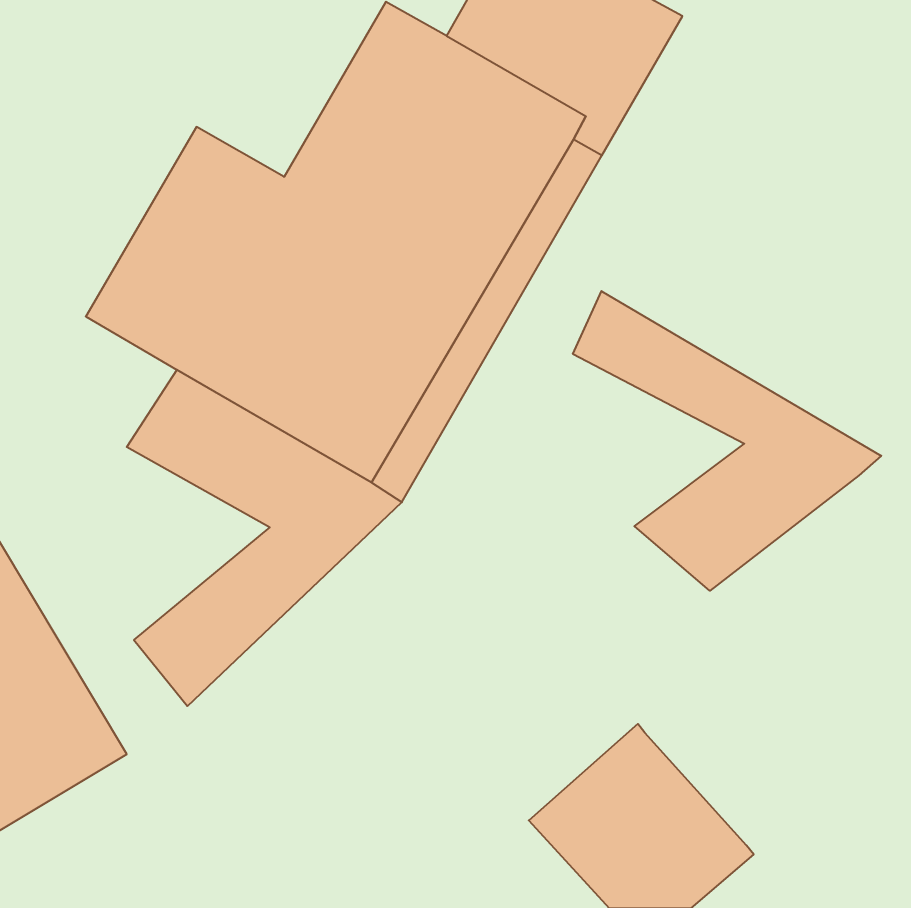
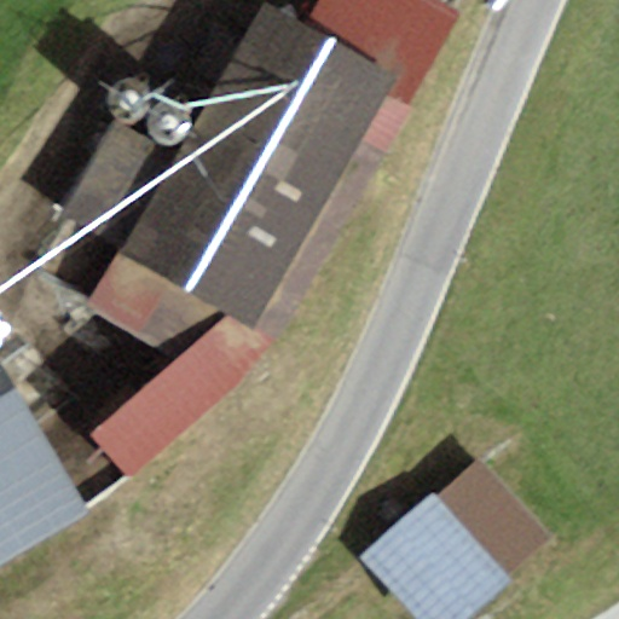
building: [573,291,881,591] -> none
building: none -> [436,459,546,572]

